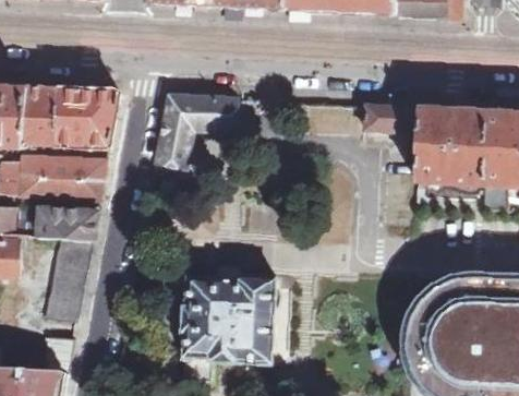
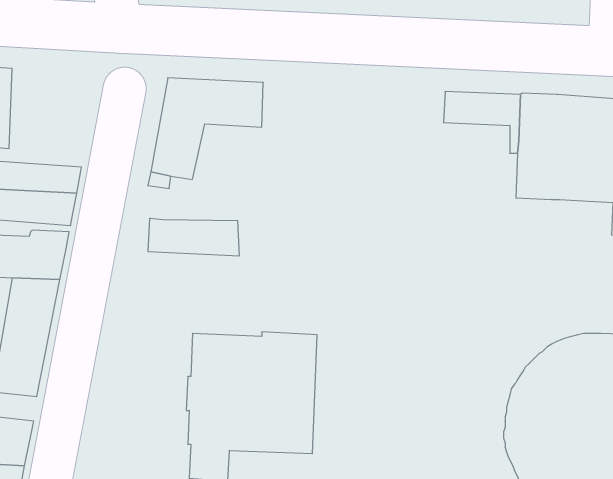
building: [57,88,120,147] -> none
building: none -> [148,218,239,256]

